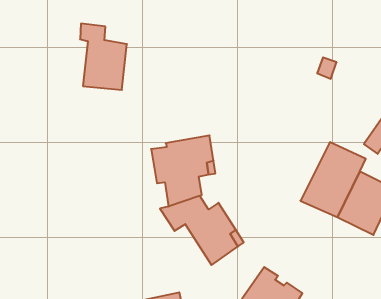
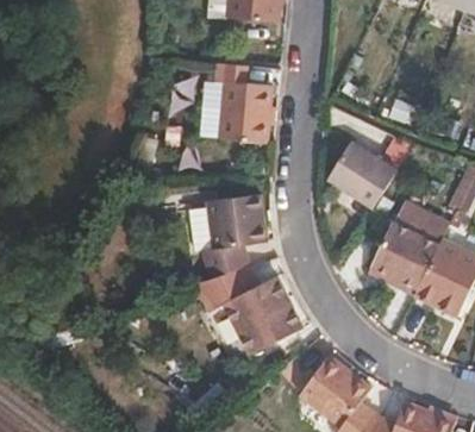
building: [80,24,127,90] -> [214,63,271,144]
building: none -> [329,143,395,208]

